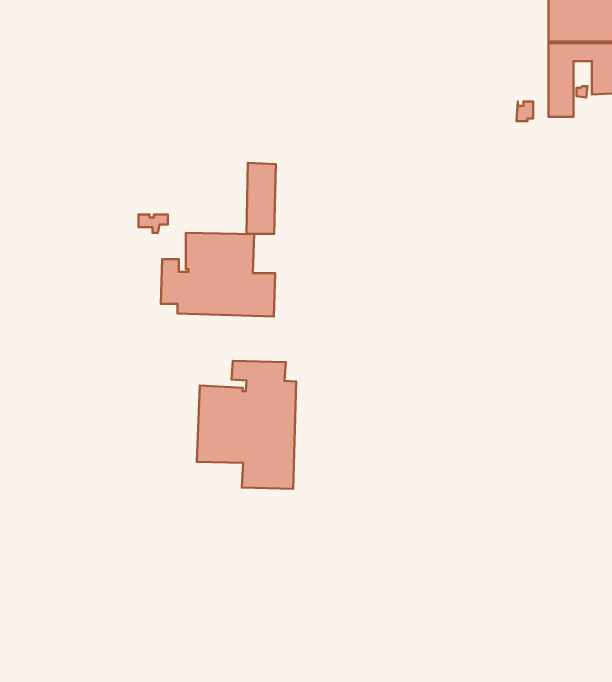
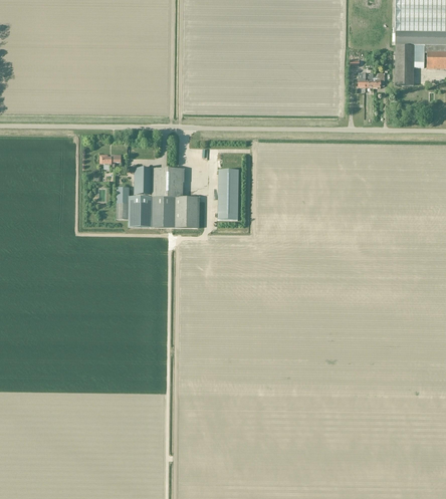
building: [246,163,276,234] -> [218,169,239,220]
building: [197,361,296,489] -> none

